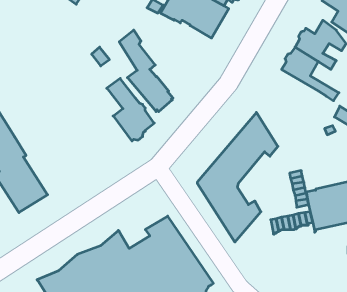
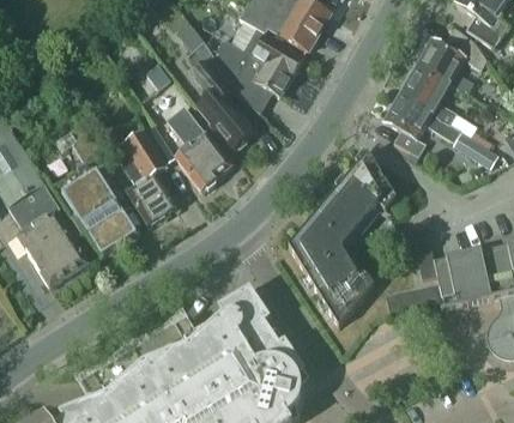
building: none -> [210,28,304,113]
building: none -> [385,95,460,157]
building: none -> [53,126,134,254]
building: none -> [114,126,176,225]

